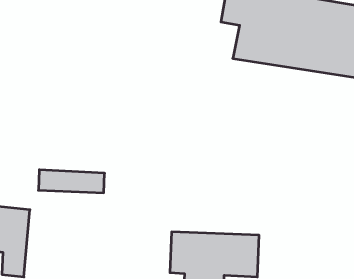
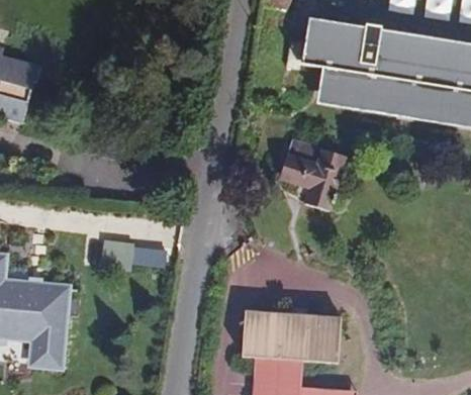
building: none -> [278,149,350,210]

